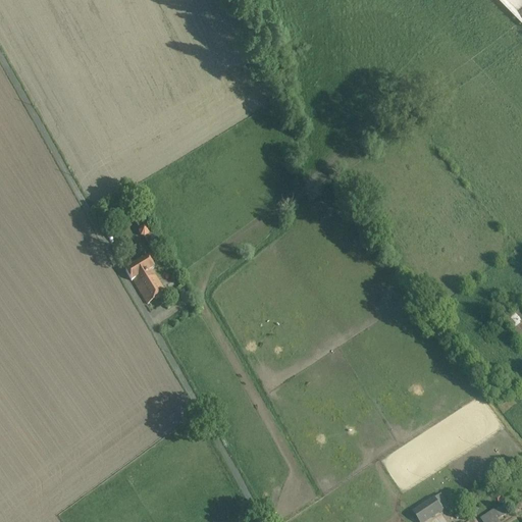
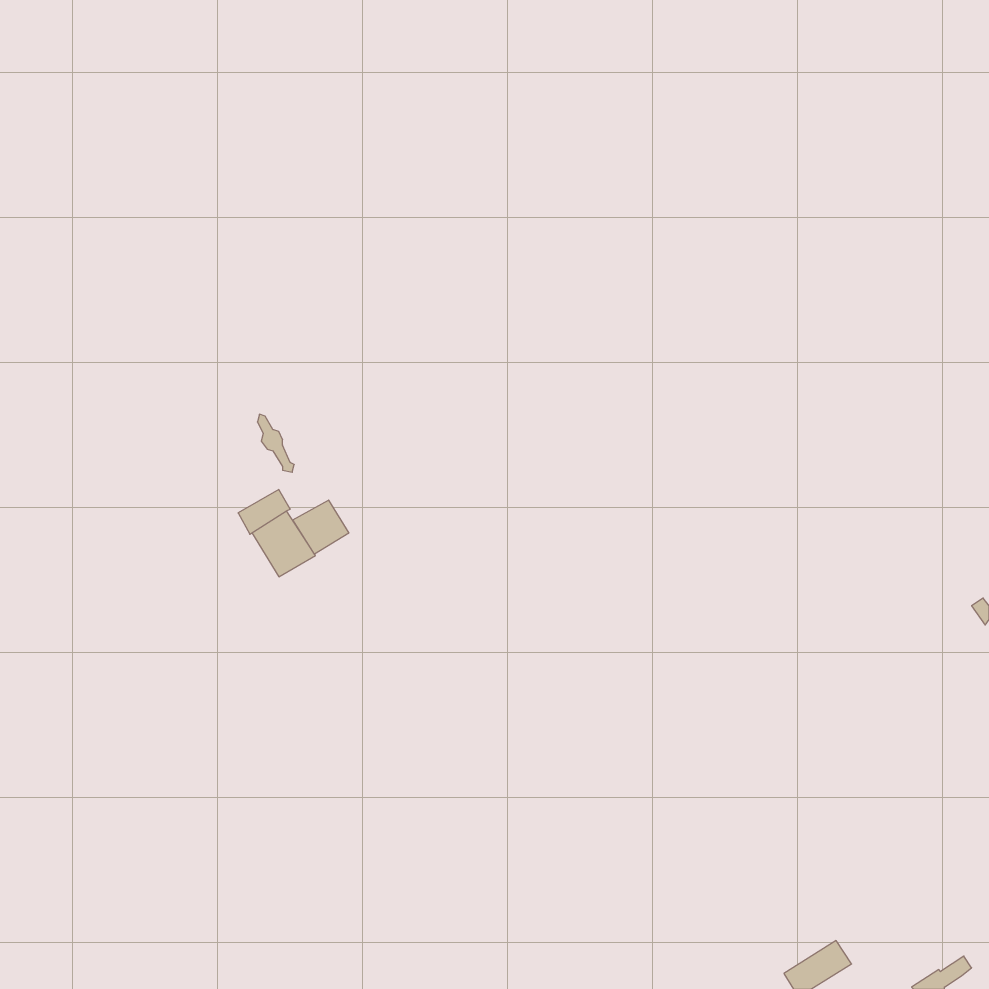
building: none -> [293,500,349,554]

